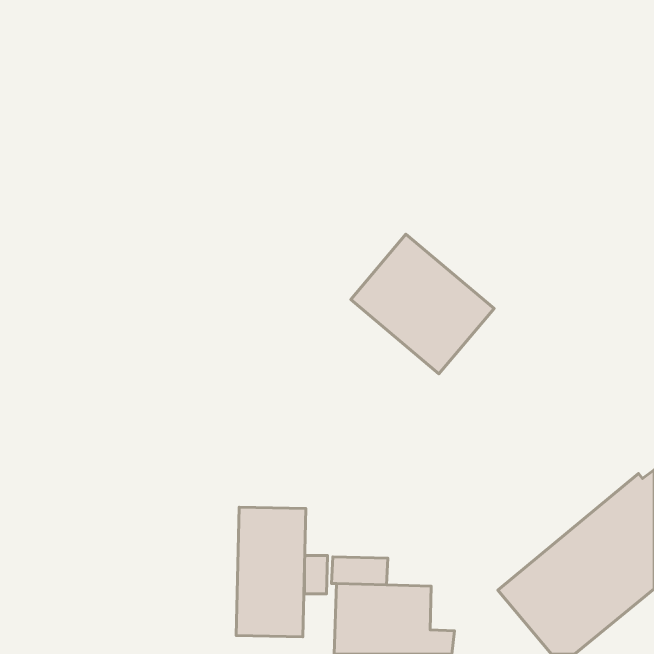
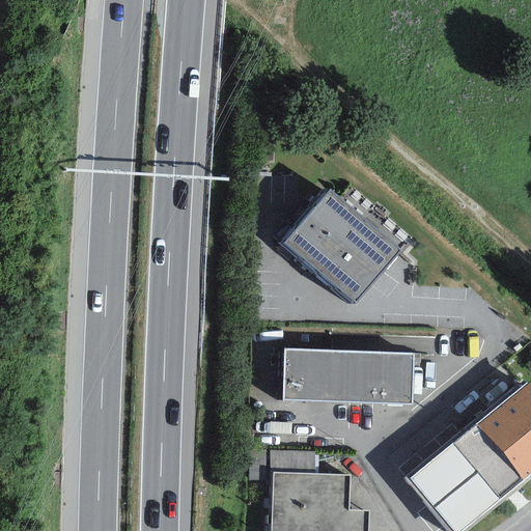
building: none -> [281,348,413,404]
building: [236,507,306,637] -> none

